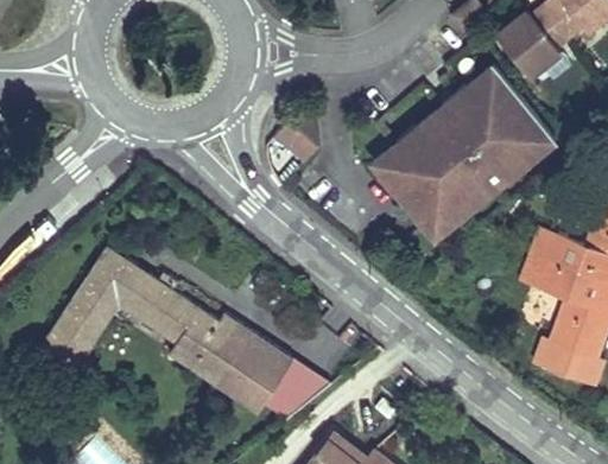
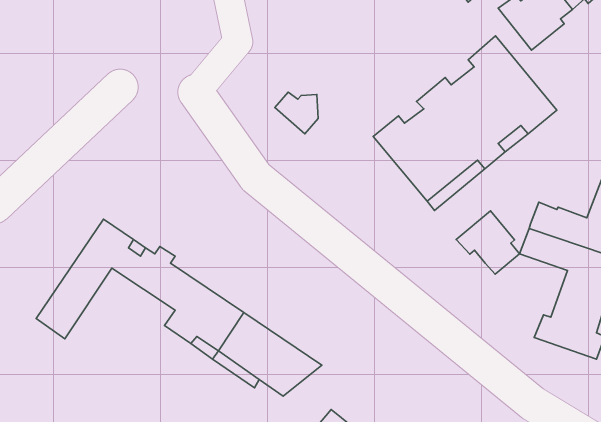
building: none -> [456,211,520,274]
building: [69,294,178,368] -> none

